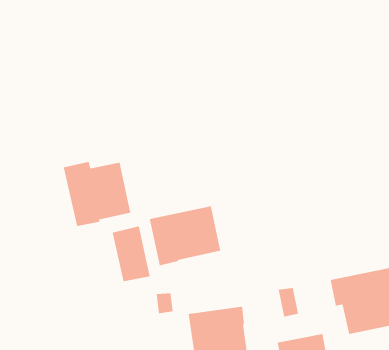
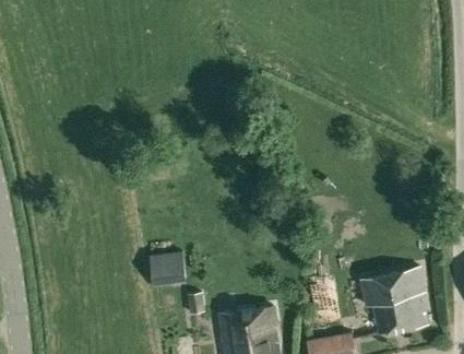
building: [63,161,131,227] -> none
building: [149,206,221,266] -> none

